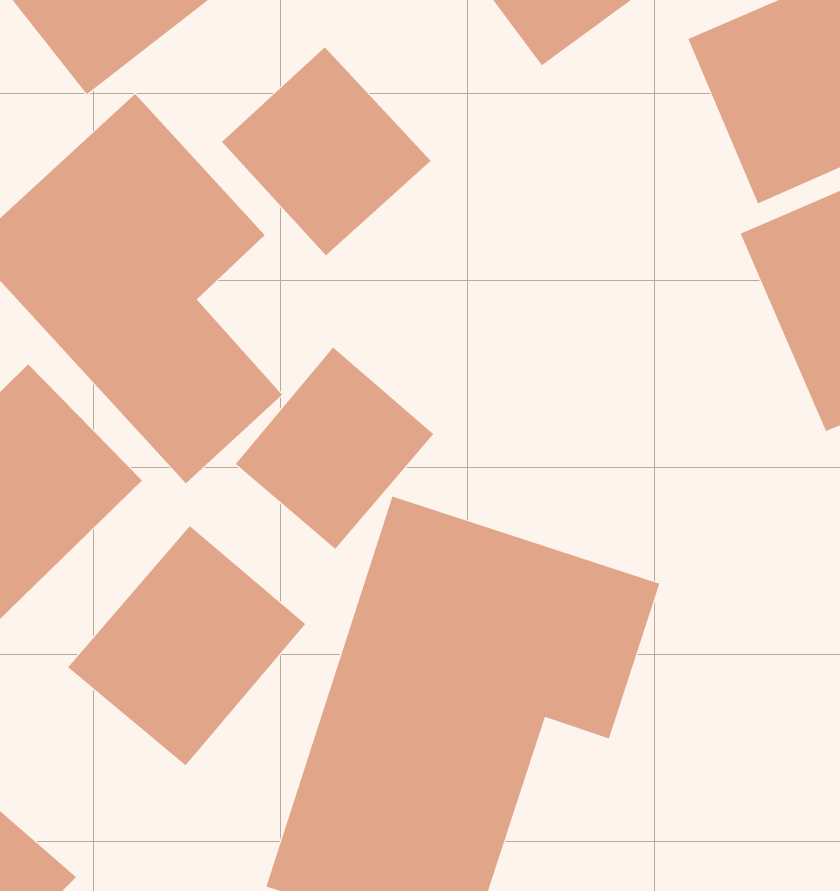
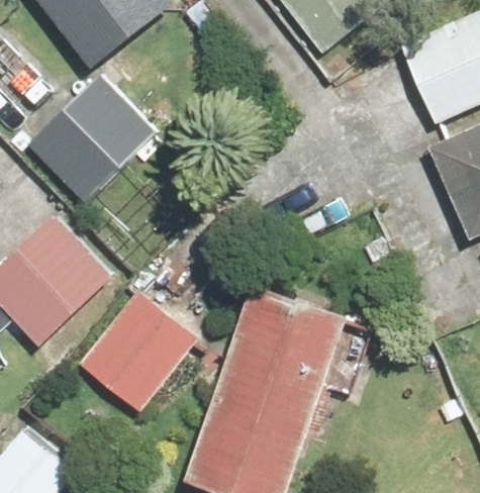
building: [221,47,431,256] -> none
building: [235,347,434,550] -> none

